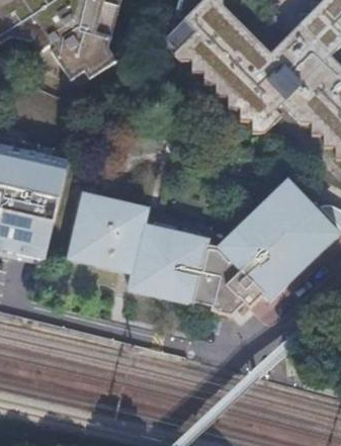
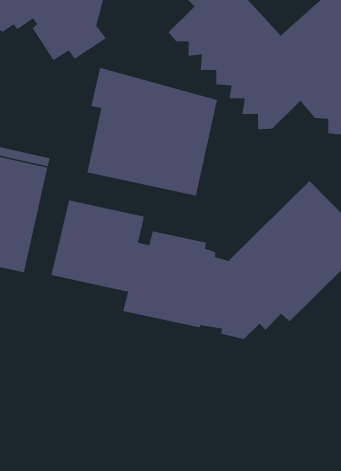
building: none -> [86,67,218,197]

